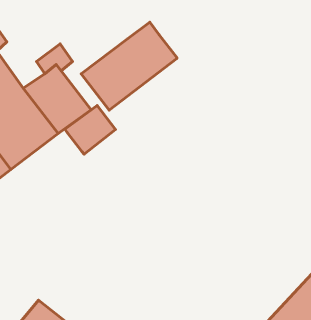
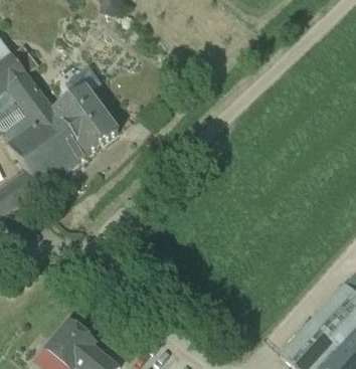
building: [81,22,177,110] -> none
building: [65,105,116,154] -> none

